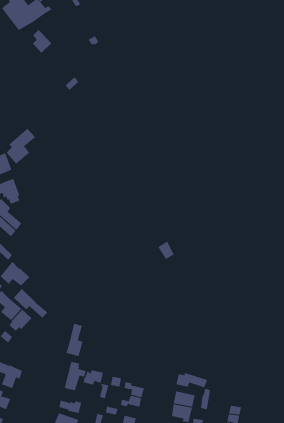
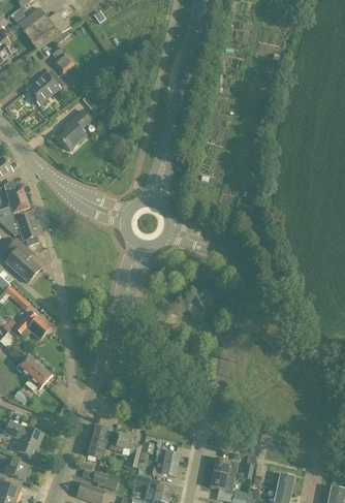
building: none -> [25,72,62,105]
building: [6,128,36,164] -> [58,109,92,151]
building: [13,288,48,319] -> none
building: [66,323,83,357] -> none
building: [176,372,208,388] -> none

